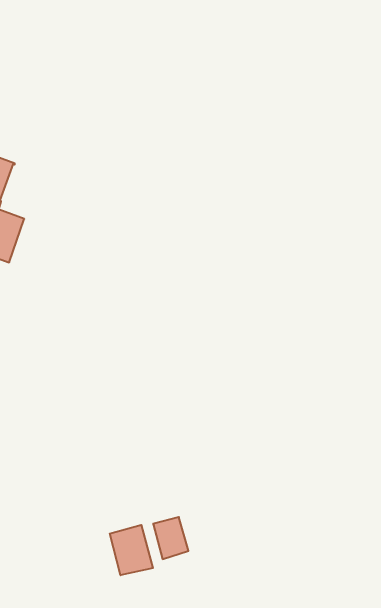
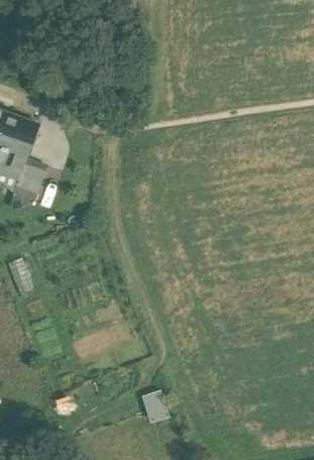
building: [110,525,153,575] -> none

